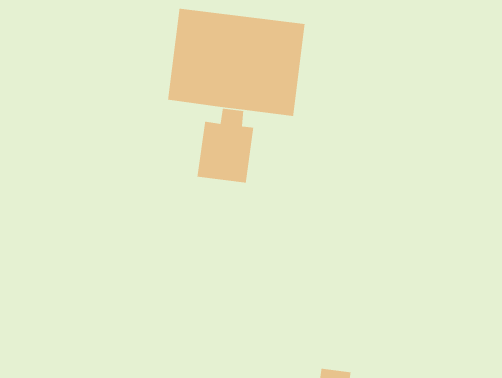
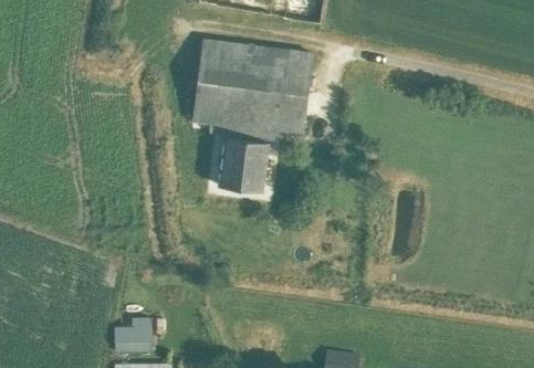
building: none -> [114,317,151,353]

